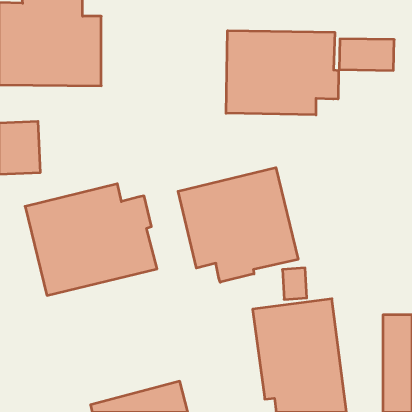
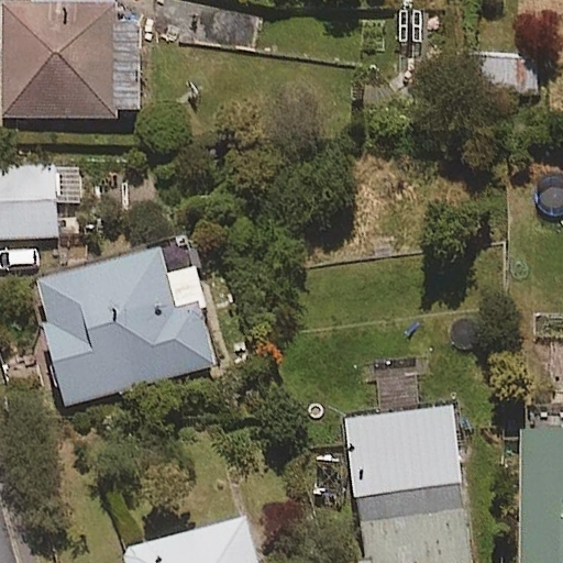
building: [226,31,338,115] -> none
building: [178,168,298,282] -> none

